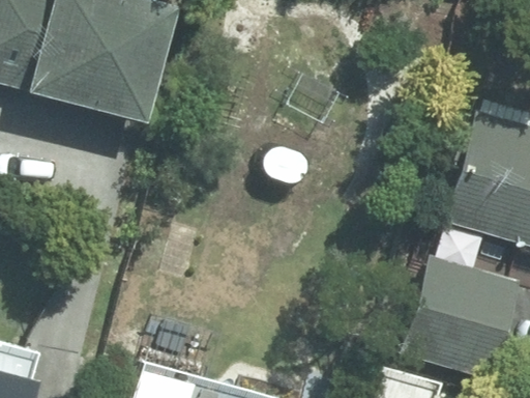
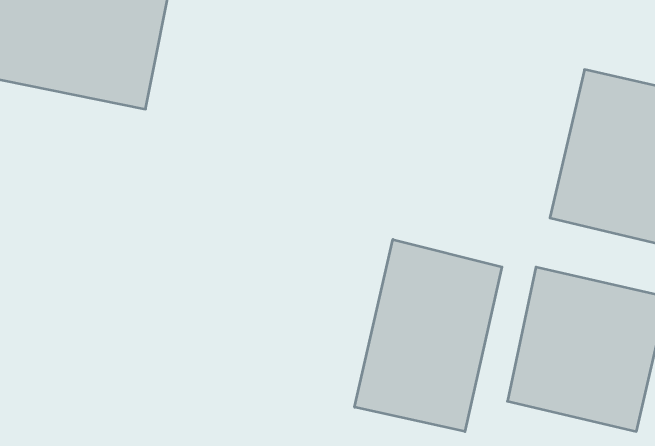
building: none -> [355,239,502,432]

